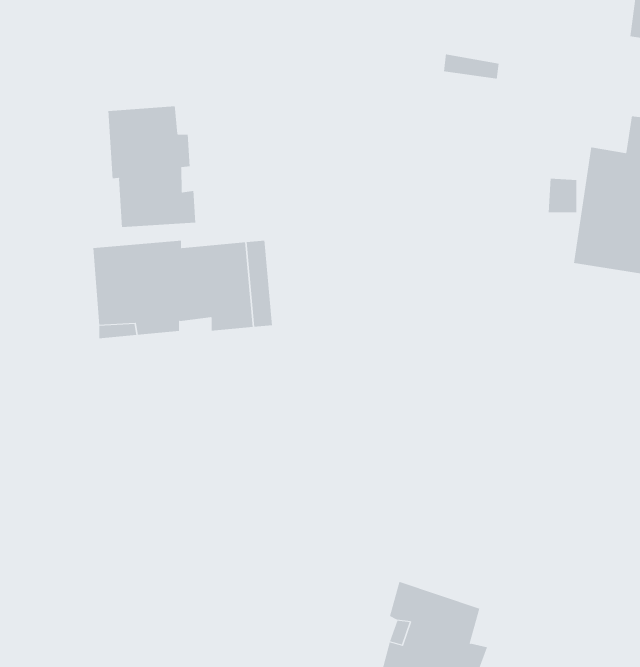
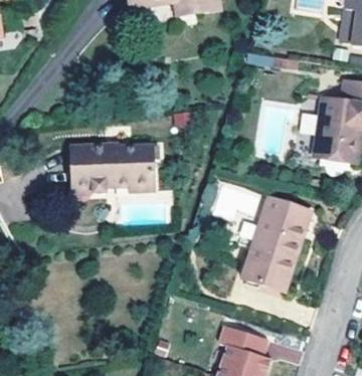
building: [108,105,196,228] -> none
building: none -> [243,193,311,287]

